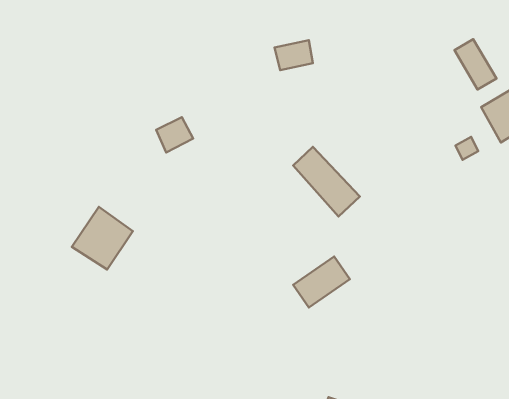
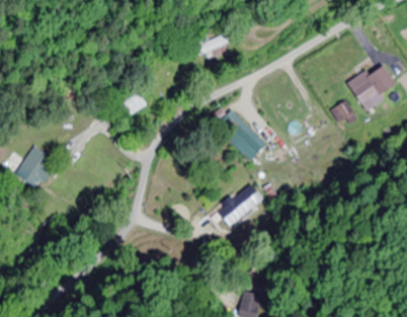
building: [454,39,496,89] -> none
building: [72,207,133,269] -> [16,146,60,190]

